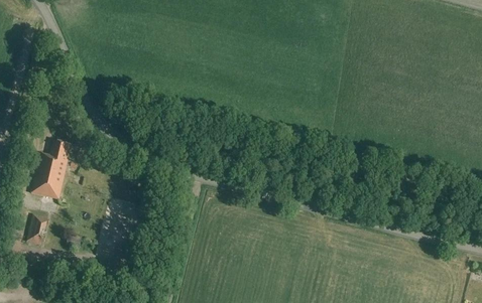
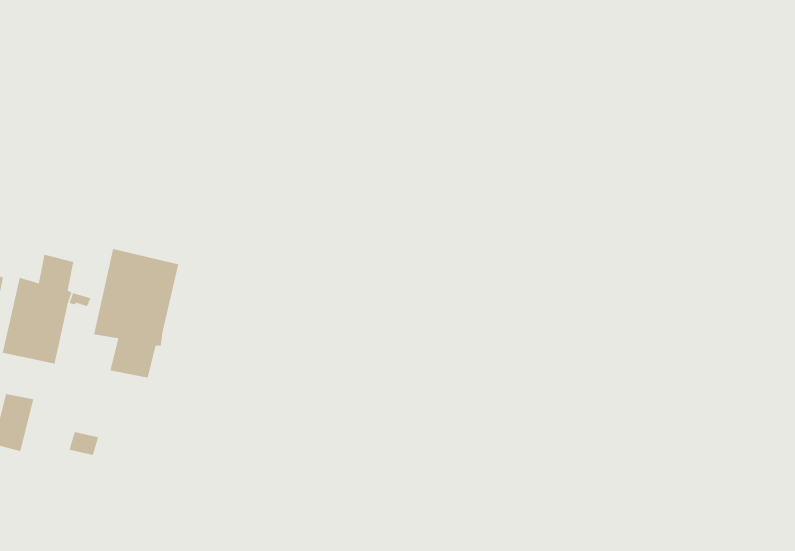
building: none -> [93,248,179,379]

